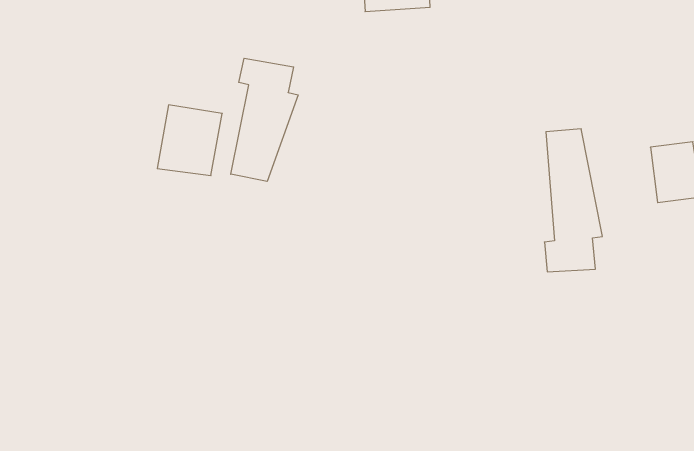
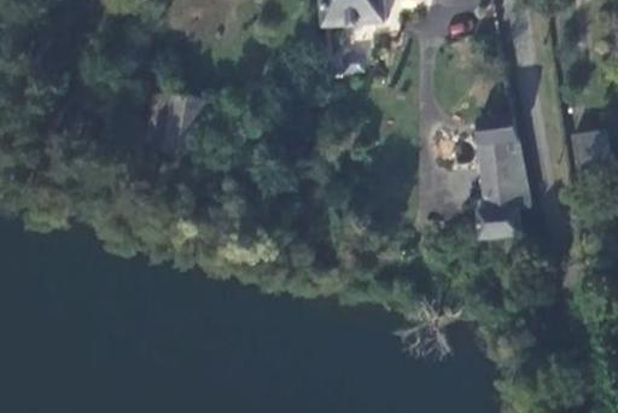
building: [231,58,298,181] -> none

